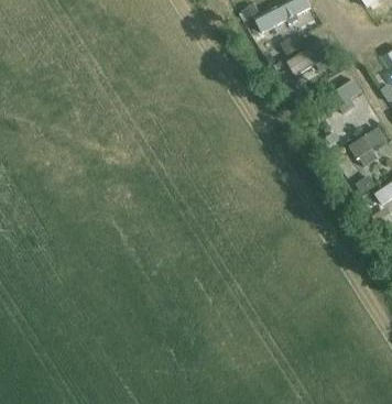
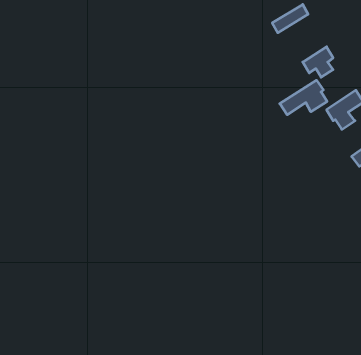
building: none -> [280,80,327,115]

